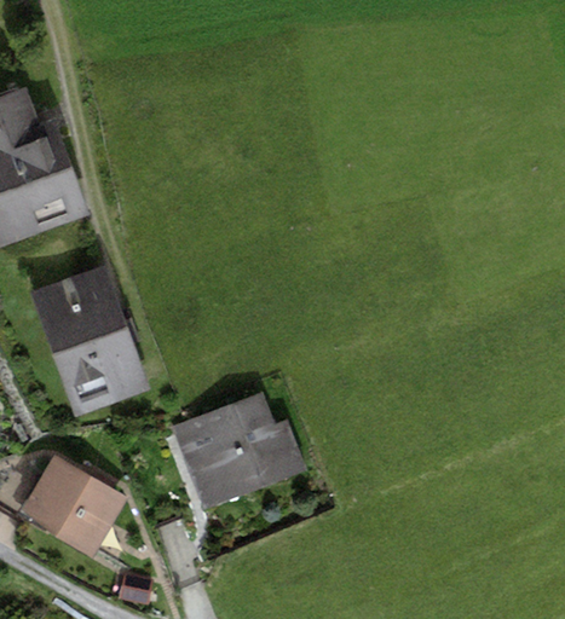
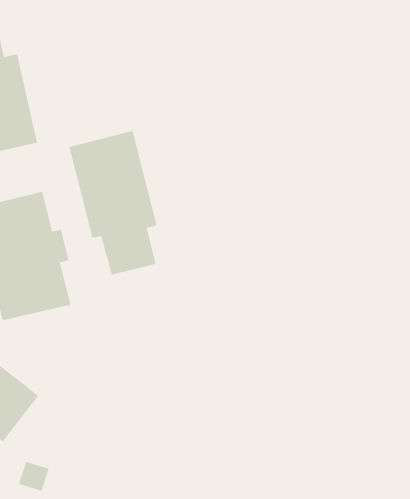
building: none -> [69,130,157,276]
building: [172,394,306,511] -> none

